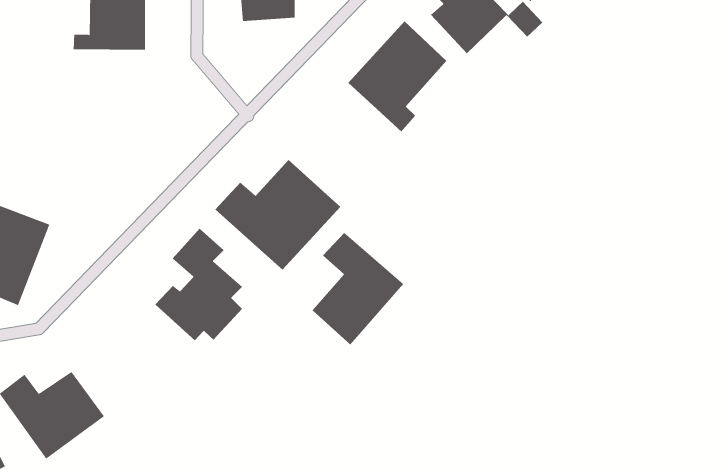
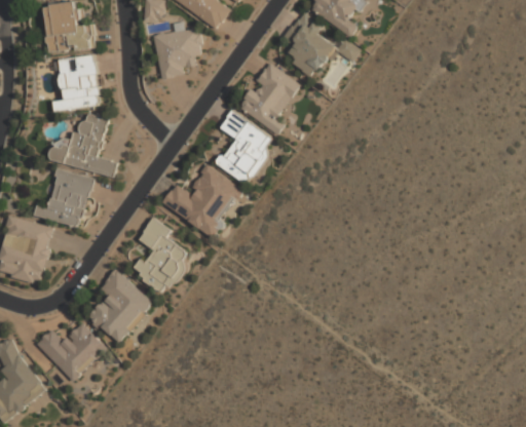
building: none -> [48,111,117,174]
building: none -> [34,167,92,227]
building: [311,232,404,345] -> [216,109,274,183]
building: none -> [87,268,154,343]

